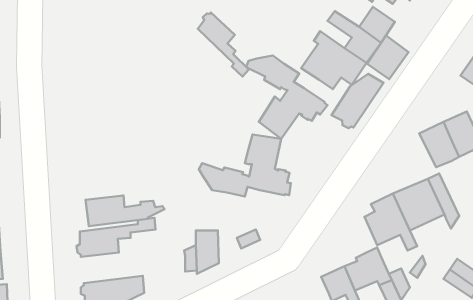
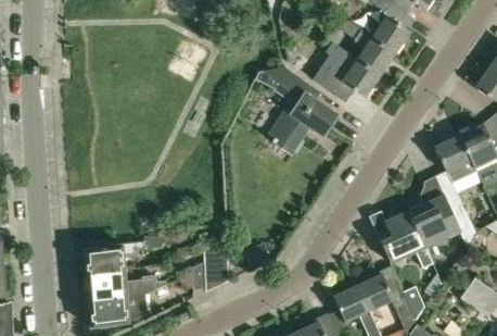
building: [198,12,249,77] -> none
building: [367,36,409,79] -> none
building: [332,74,383,128] -> none
building: [199,135,291,197] -> none
building: [86,195,165,226] -> [86,270,167,301]

